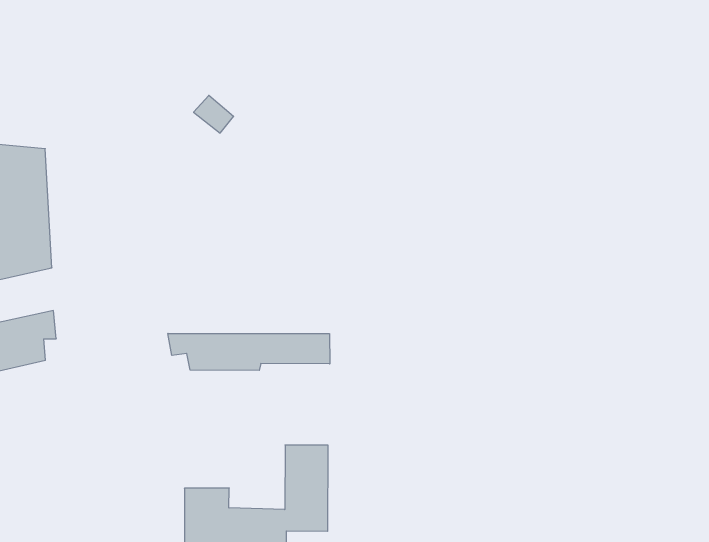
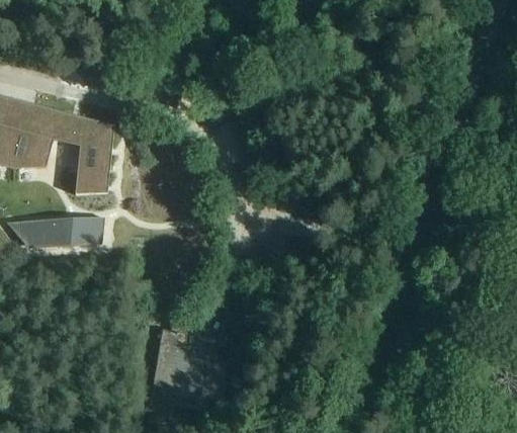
building: [168,333,330,370] -> none

